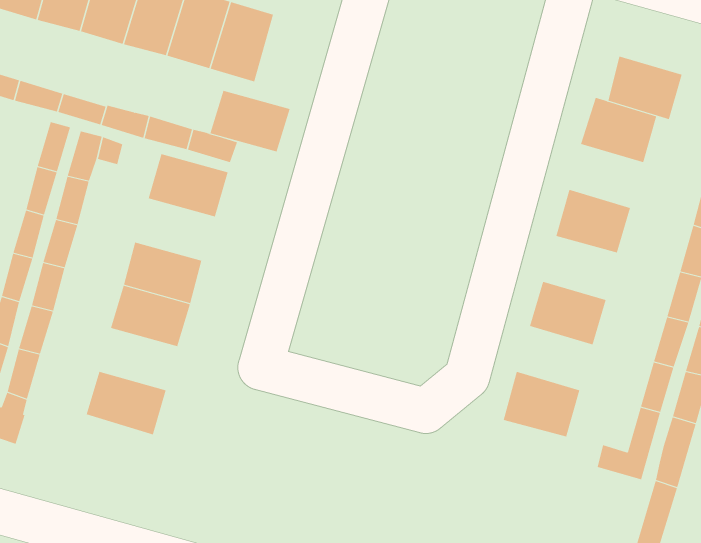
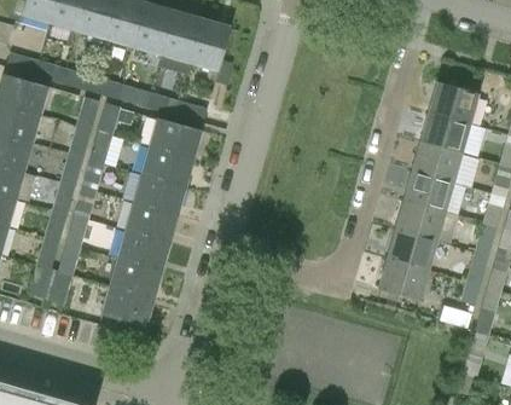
building: [607,56,683,120] -> [420,111,469,152]
building: [210,90,290,152] -> [141,146,193,186]
building: none -> [403,170,452,212]
building: none -> [387,228,436,270]
building: none -> [118,230,169,270]
building: none -> [101,285,153,328]

